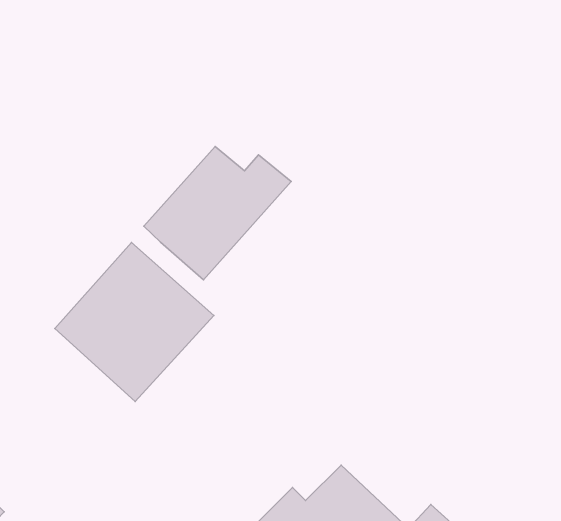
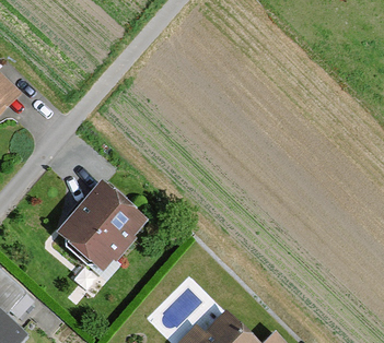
building: [144,147,291,280] -> none

